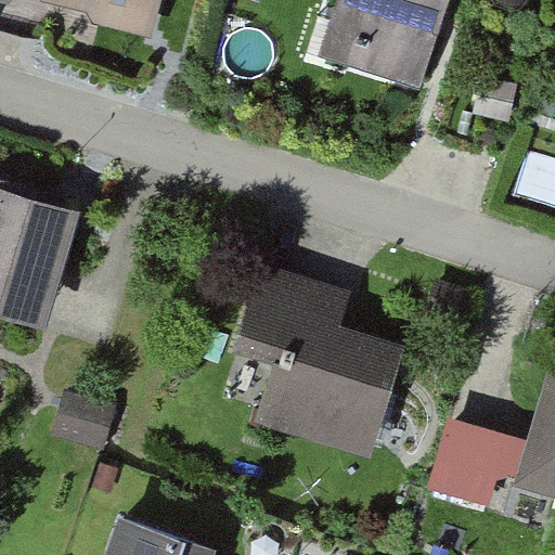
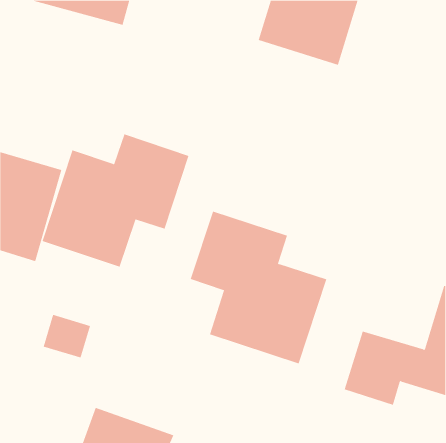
building: none -> [42,134,189,267]

